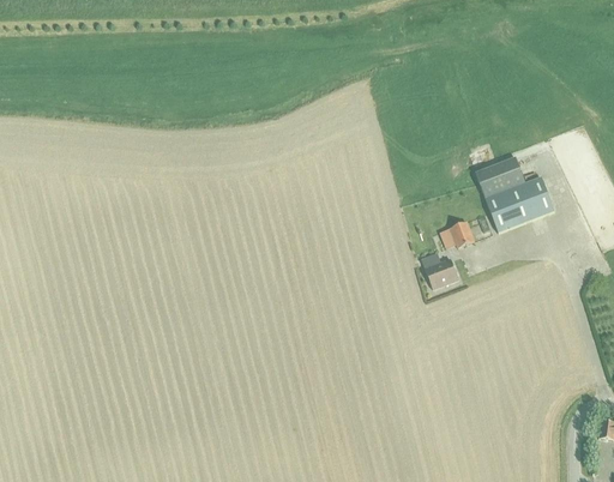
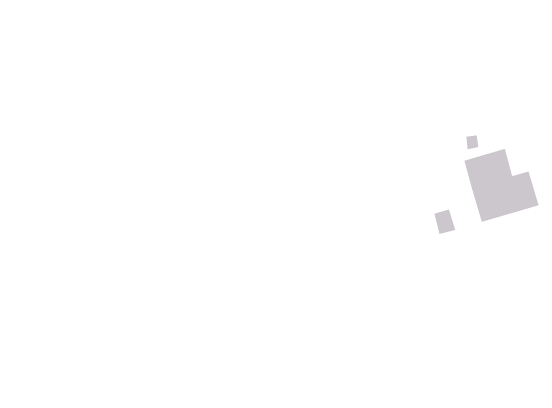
building: [423,258,457,288] -> none

